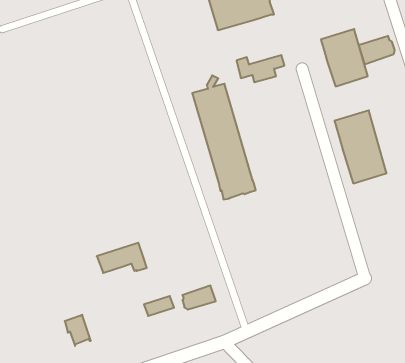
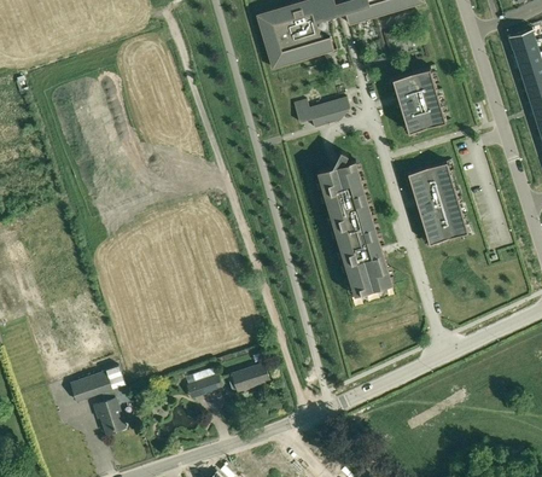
building: [359,36,395,65] -> none
building: [192,75,256,199] -> [317,152,391,296]
building: [97,243,147,273] -> [69,367,127,402]

